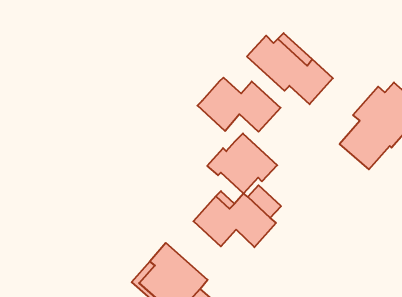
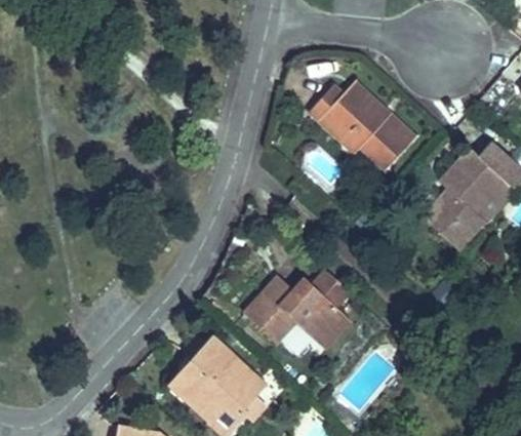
building: [197,78,281,132] -> none
building: [207,133,277,194] -> none

